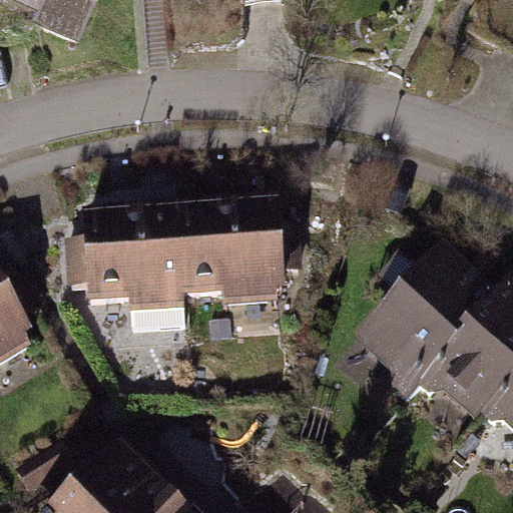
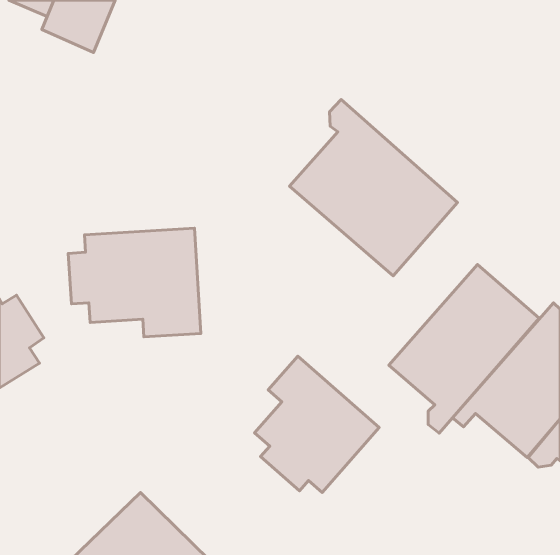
building: none -> [290,99,458,276]
building: [178,207,298,294] -> none
building: none -> [254,356,379,492]

